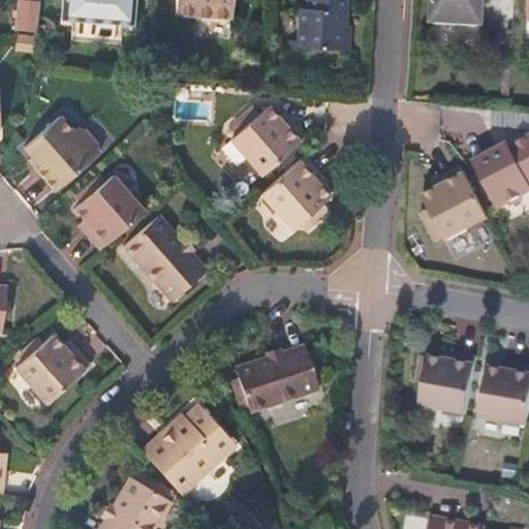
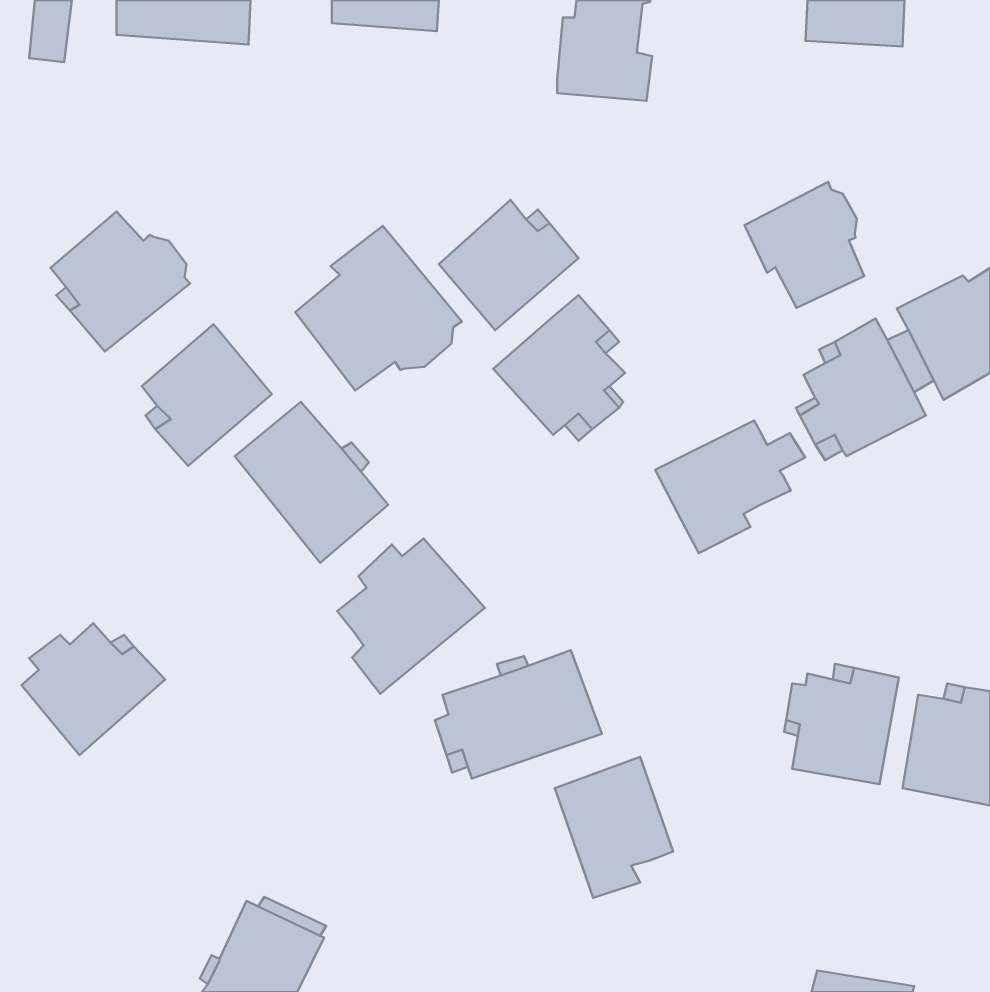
building: none -> [744,182,864,308]
building: none -> [295,226,462,390]
building: none -> [655,421,805,553]
building: none -> [337,538,485,694]
building: none -> [555,757,673,898]
building: [138,404,232,494] -> none

